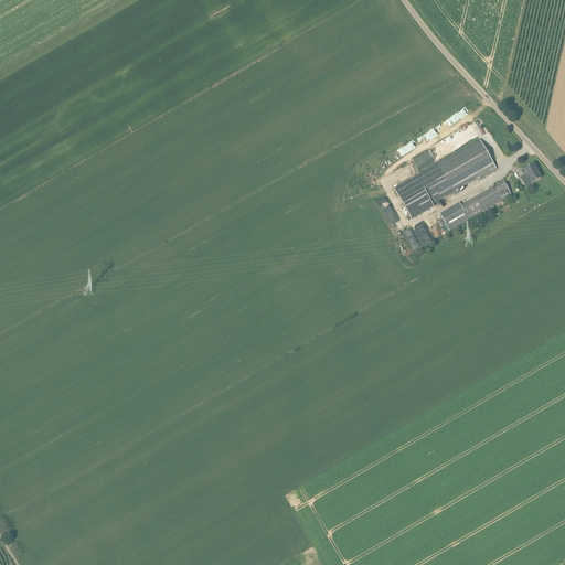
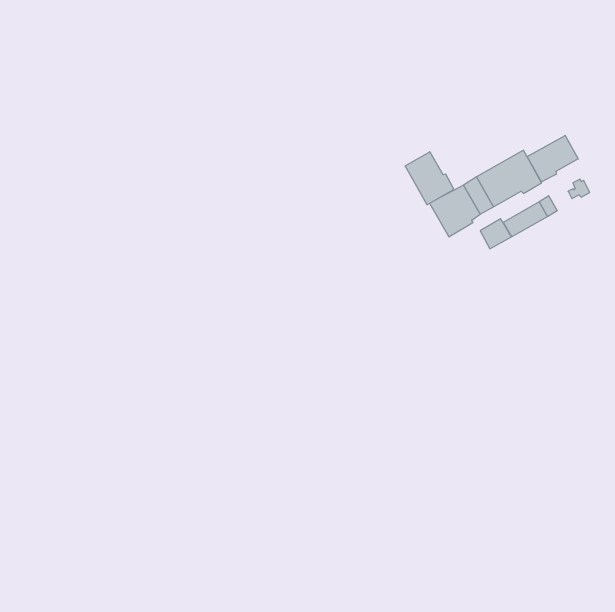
building: none -> [527,135,578,182]
building: none -> [405,152,454,205]

